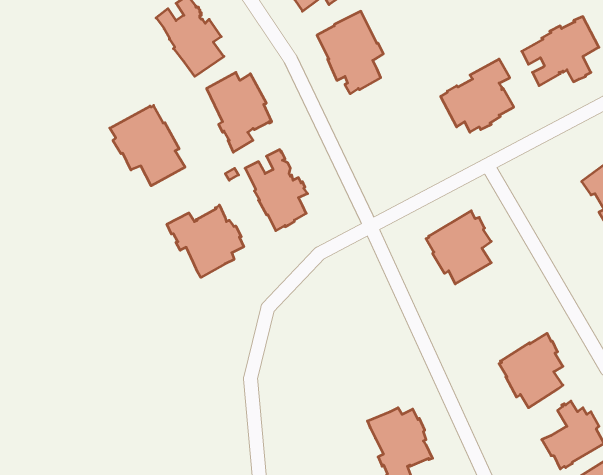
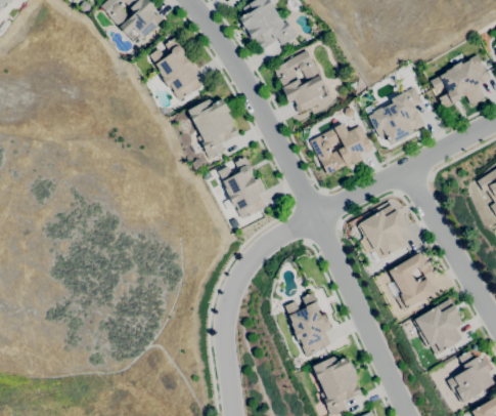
building: [110,105,185,186] -> none
building: none -> [311,123,374,174]
building: [167,205,244,277] -> none
building: none -> [388,252,437,310]
building: none -> [285,293,332,356]

